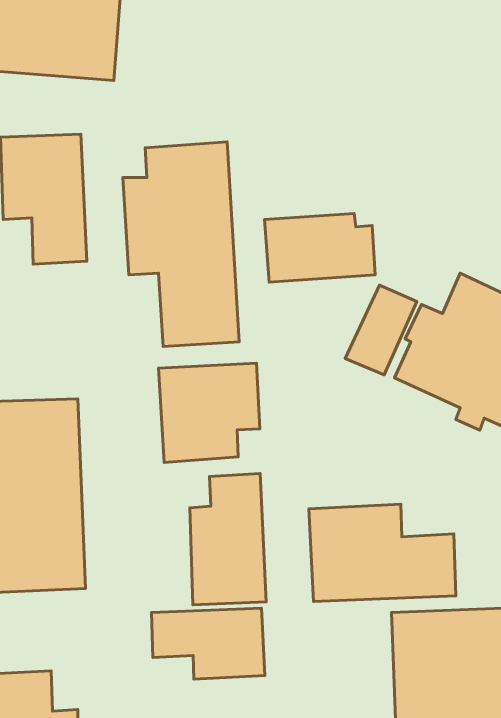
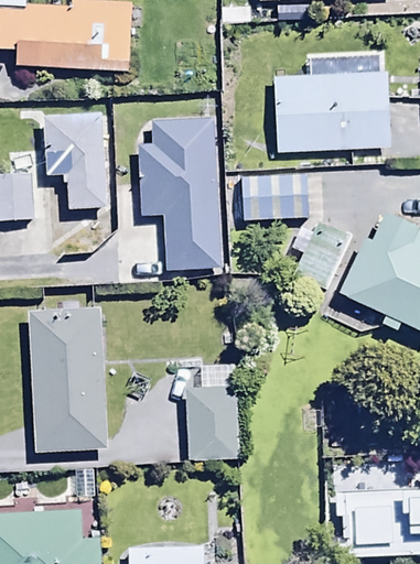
building: none -> [272,55,395,152]
building: [159,363,260,463] -> none
building: [309,504,456,601] -> none
building: [152,608,265,679] -> none

